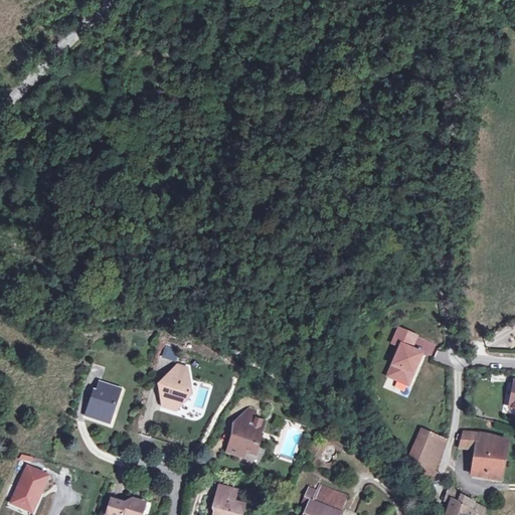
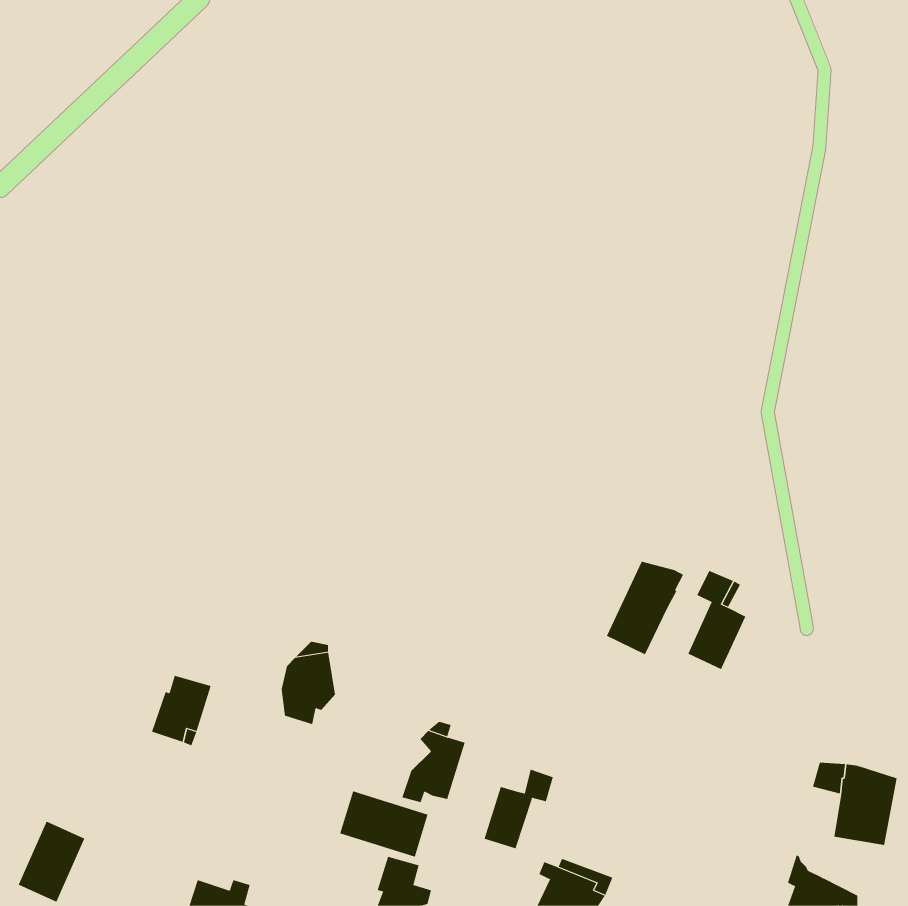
building: none -> [606,561,684,655]
building: [408,430,446,491] -> none
building: none -> [484,769,553,849]
building: none -> [340,791,428,857]

